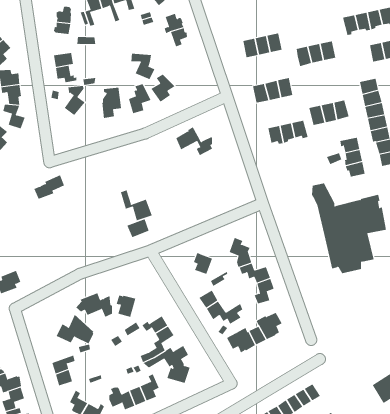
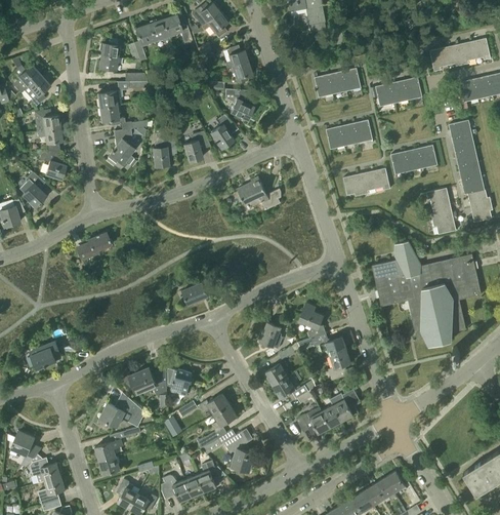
building: [130,53,155,80] -> [224,88,253,119]
building: [120,189,153,221] -> none
building: none -> [372,260,408,306]

